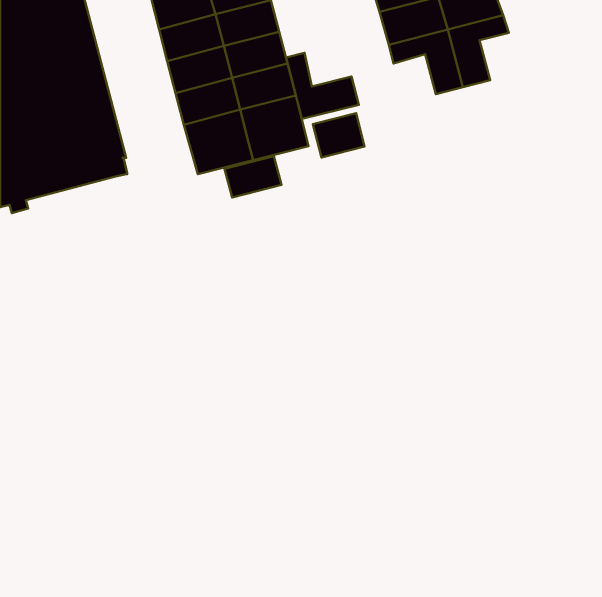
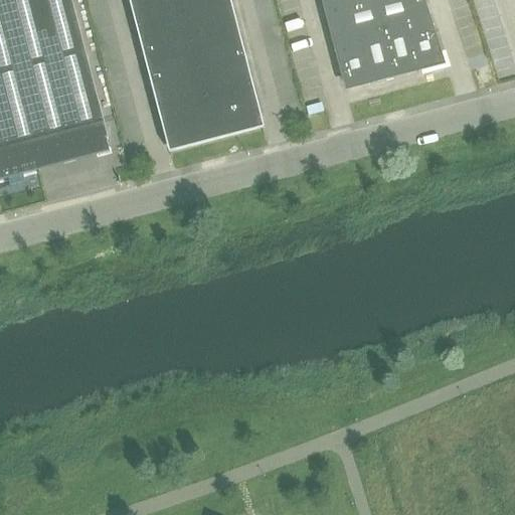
building: none -> [409,28,446,68]
building: [286,53,359,119] -> none
building: none -> [336,46,372,88]
building: [313,113,364,157] -> none
building: [224,156,281,198] -> none

